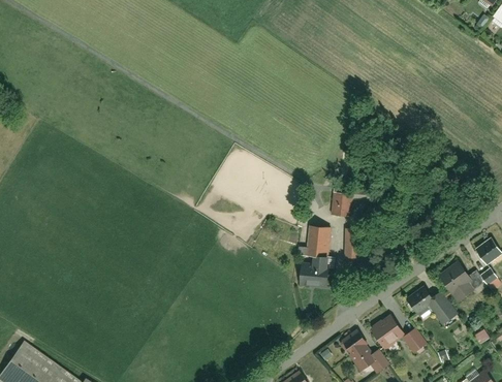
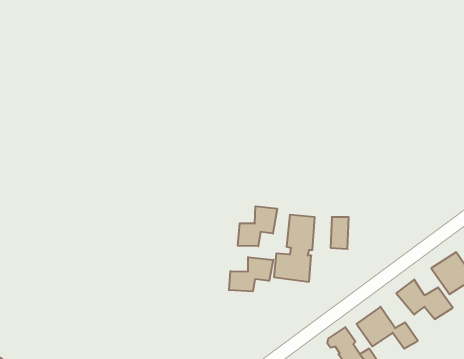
building: [331,193,353,218] -> none
building: none -> [238,206,277,246]
building: none -> [229,257,273,291]

